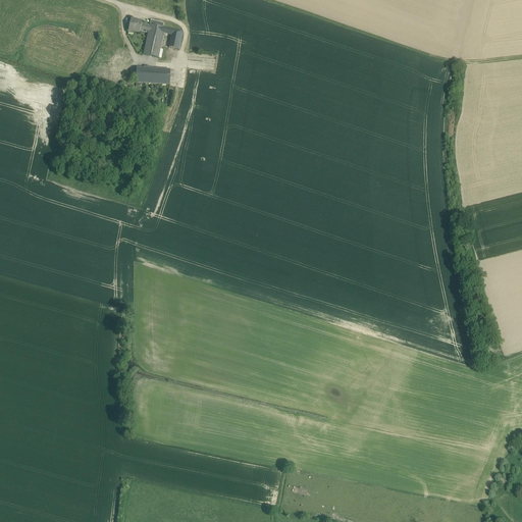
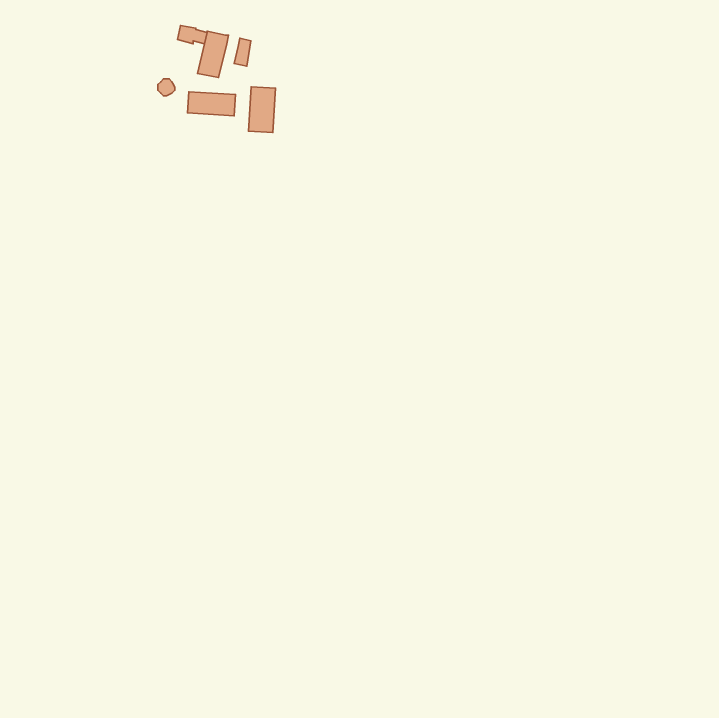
building: none -> [248,87,275,133]

